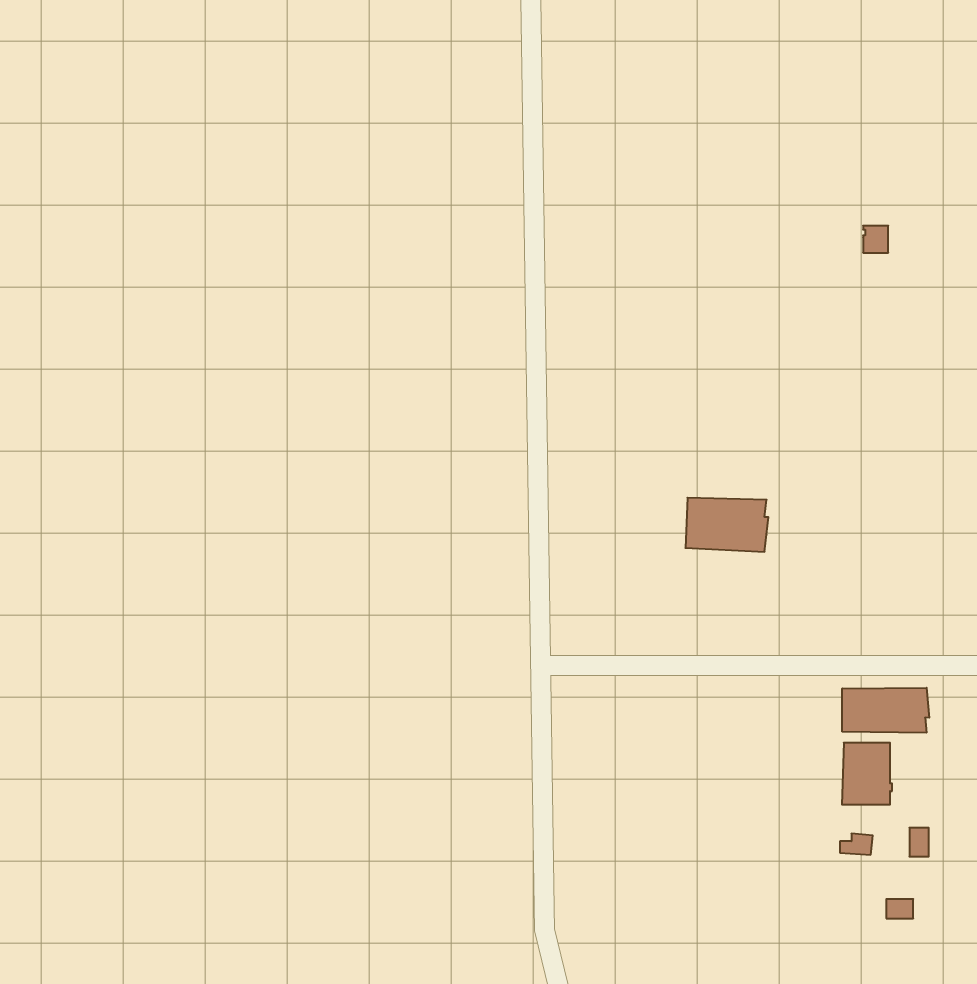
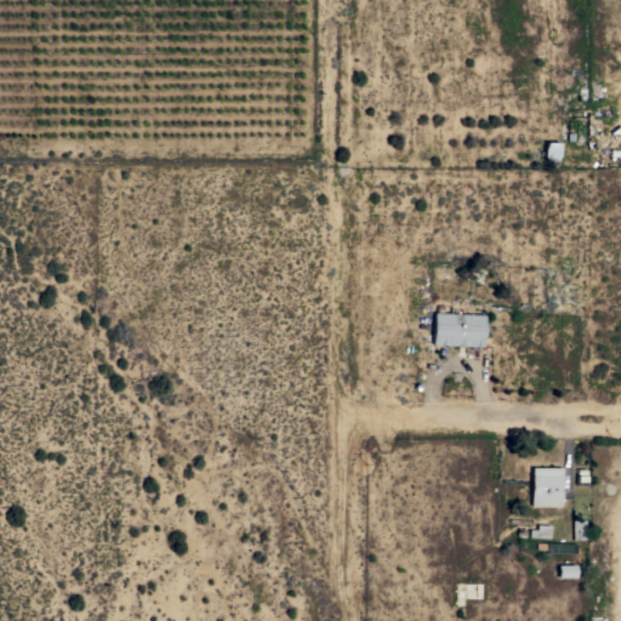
building: [842,688,929,733] -> none

